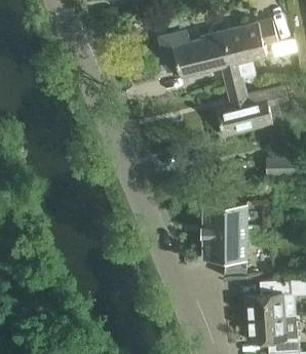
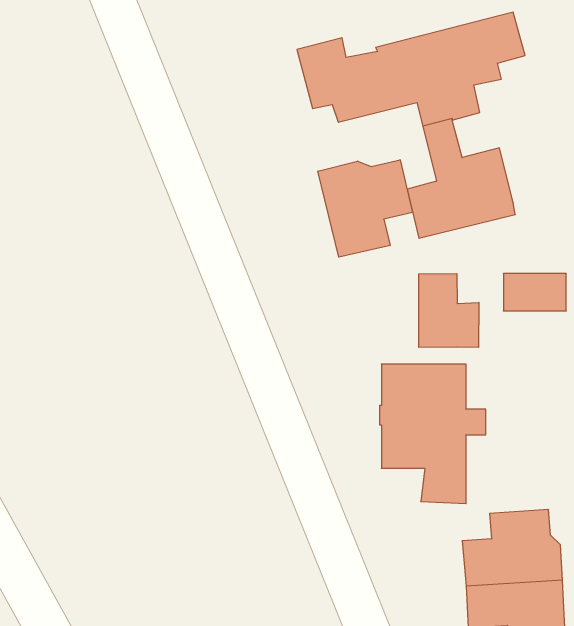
building: none -> [318,160,413,257]
building: none -> [419,274,479,347]

